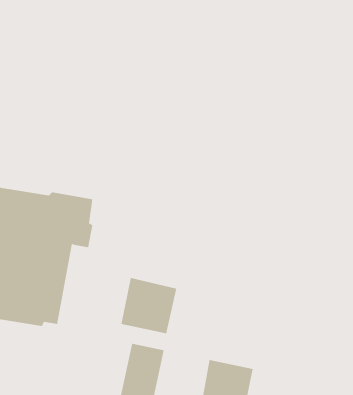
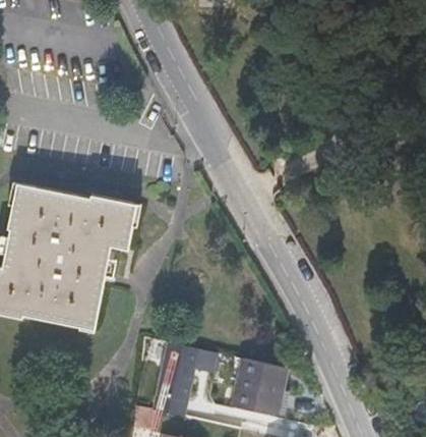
building: [121,277,177,334] -> none

